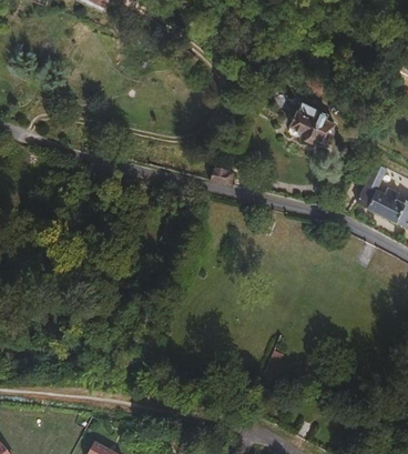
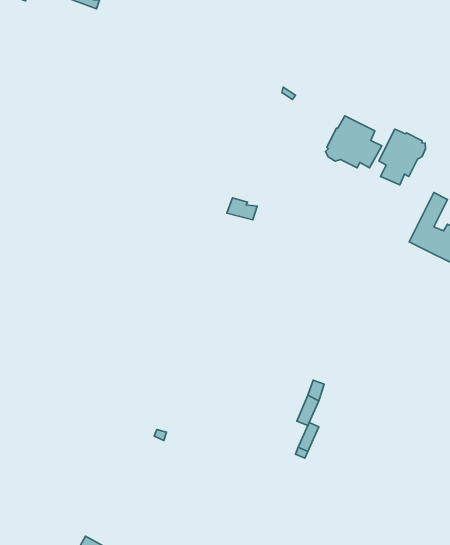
building: none -> [379,129,426,185]

